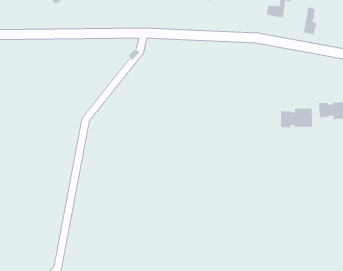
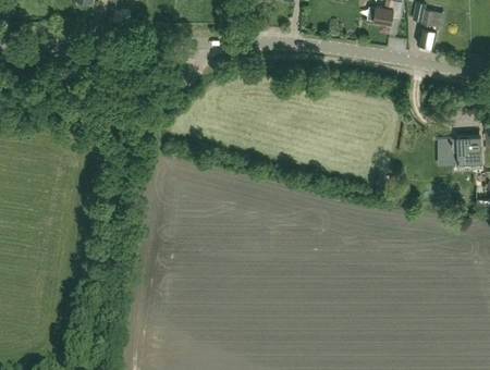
building: [281,108,312,128] -> none

